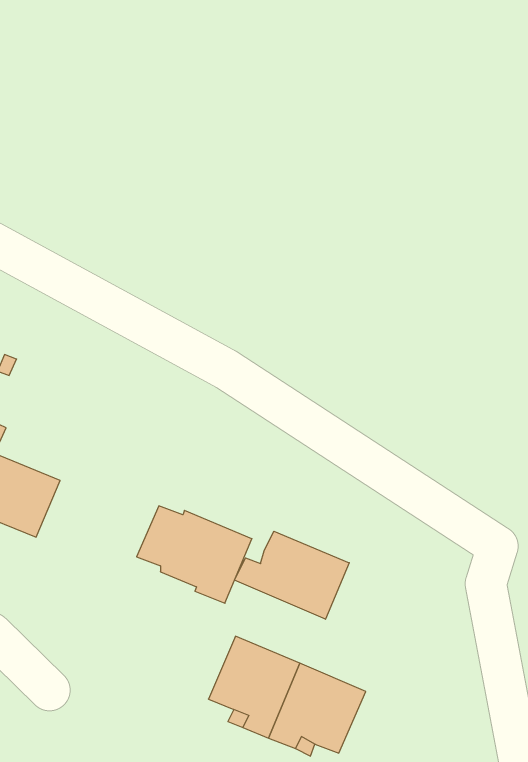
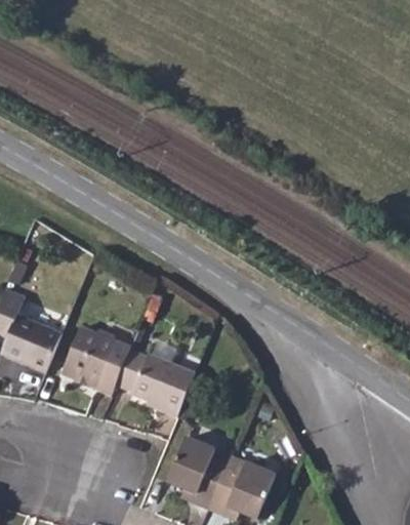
building: none -> [65,327,131,394]
building: [235,531,349,619] -> none

